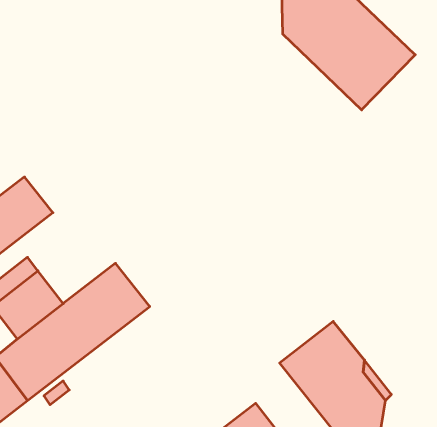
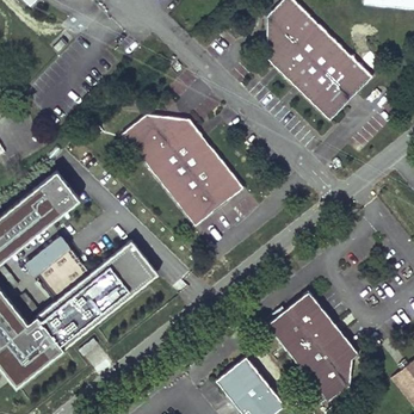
building: none -> [122,116,243,229]

